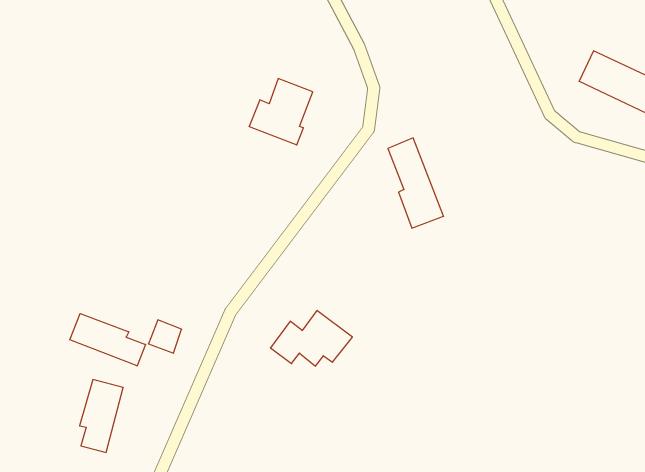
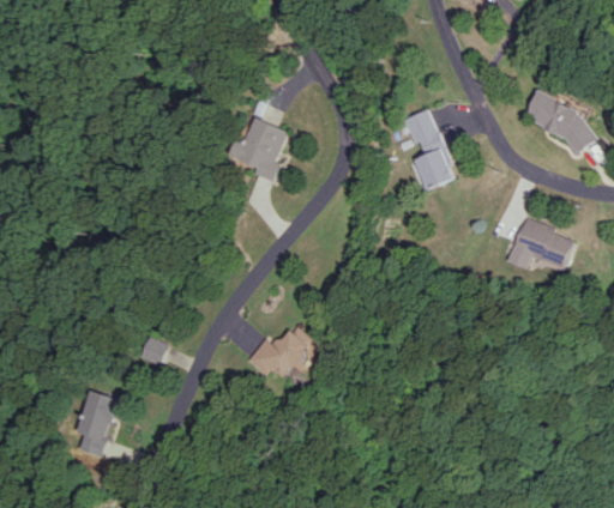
building: [388,138,444,228] -> [404,109,455,190]
building: none -> [508,220,573,271]
building: [70,314,146,366] -> none

